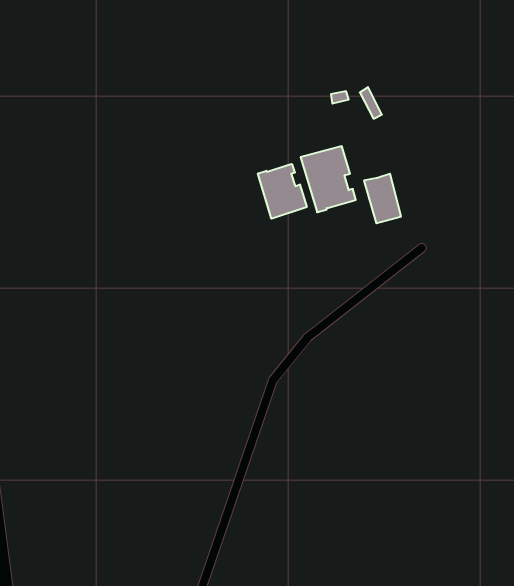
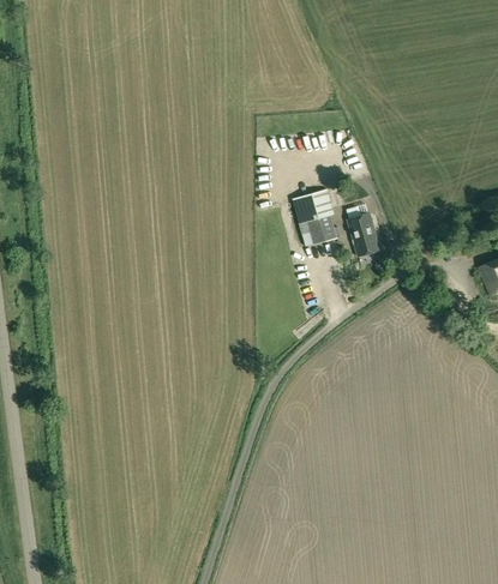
building: [258,164,307,219] -> none

